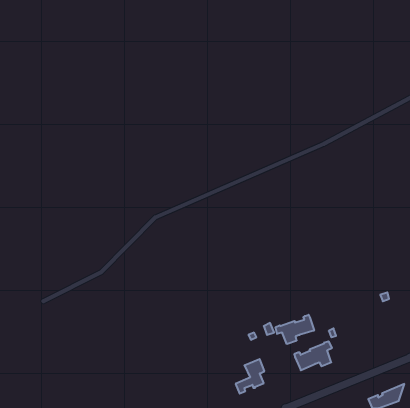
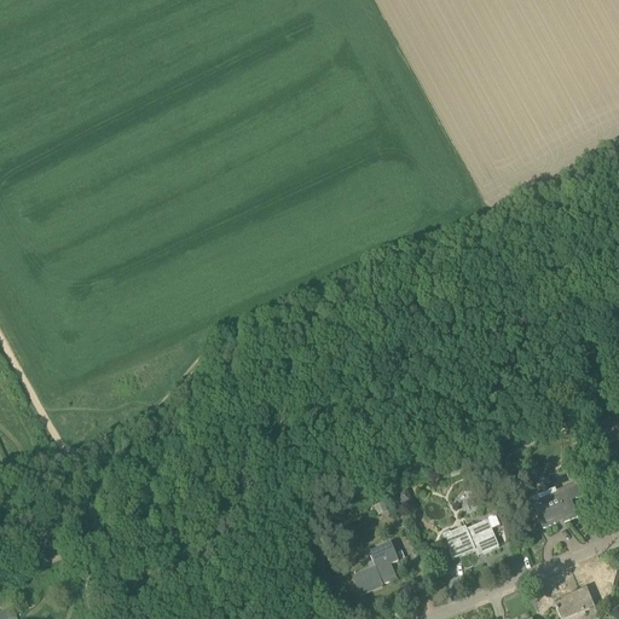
building: [275,315,314,344] -> none
building: none -> [532,481,582,526]

